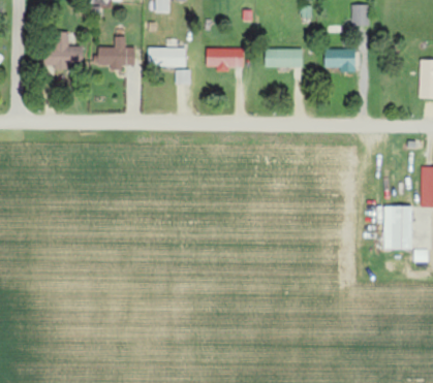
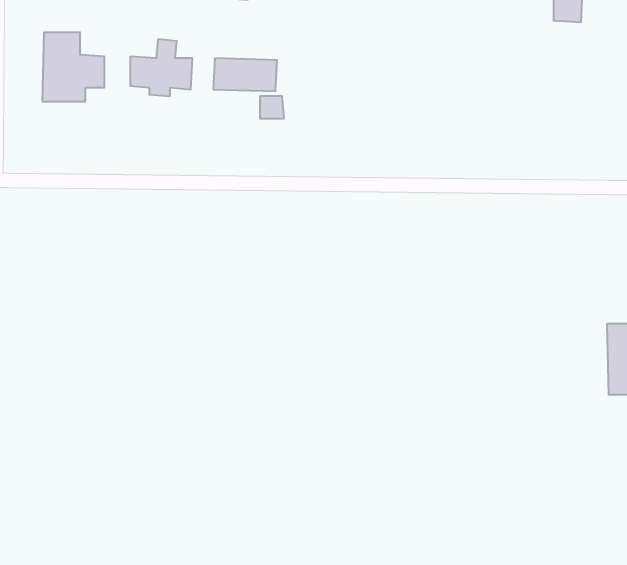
building: [206,47,245,71] -> none
building: [266,49,303,67] -> none
building: [324,49,357,71] -> none

